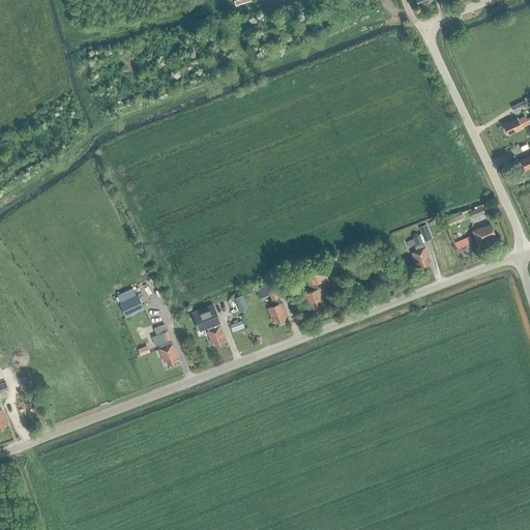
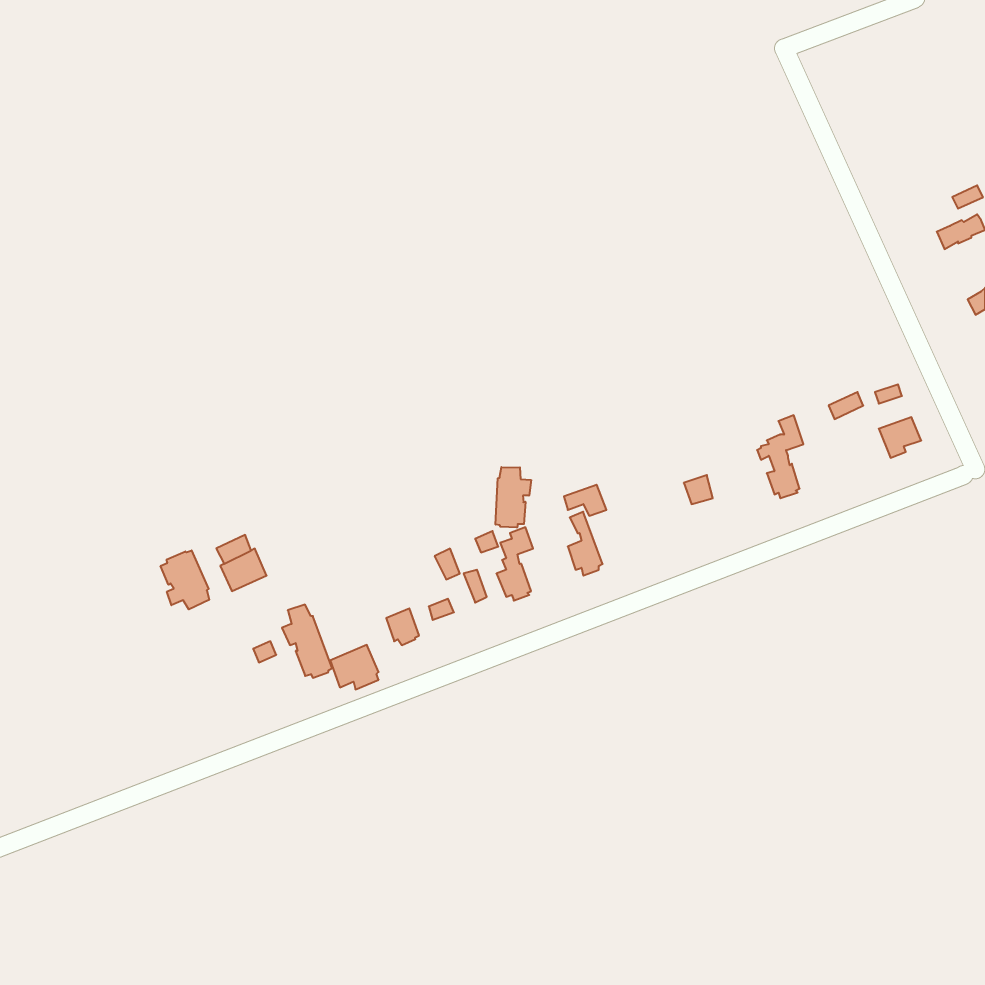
building: none -> [496,467,531,528]
building: none -> [161,550,209,609]
building: [194,307,219,331] -> [330,645,379,689]

